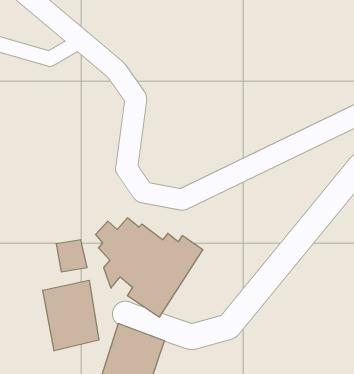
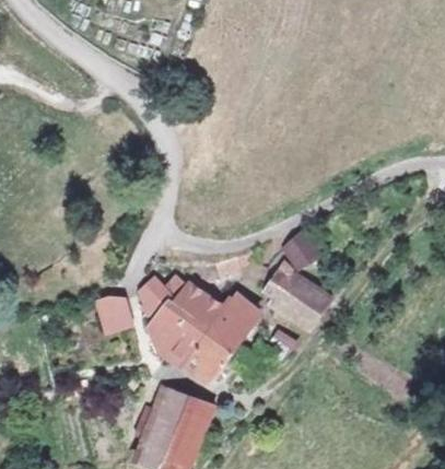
building: none -> [260,233,336,329]
building: [43,280,99,351] -> none

